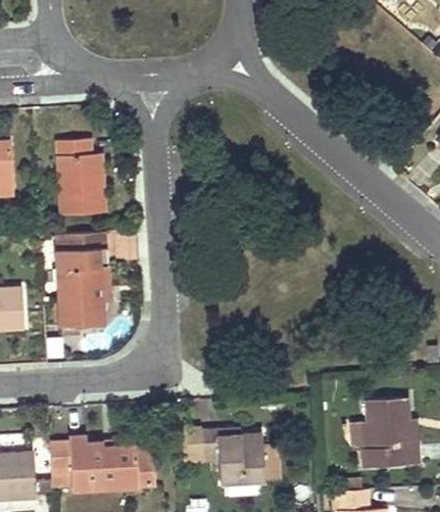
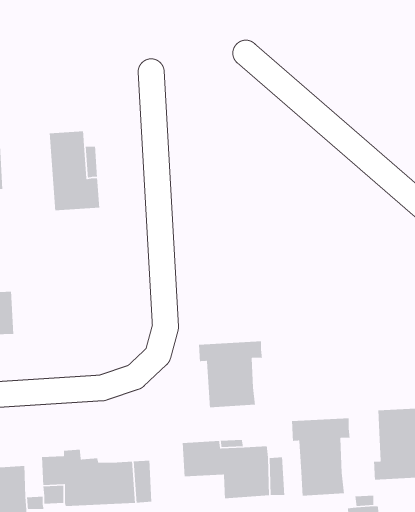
building: [56,232,109,327] -> none
building: none -> [198,341,263,408]
building: none -> [291,417,351,497]

